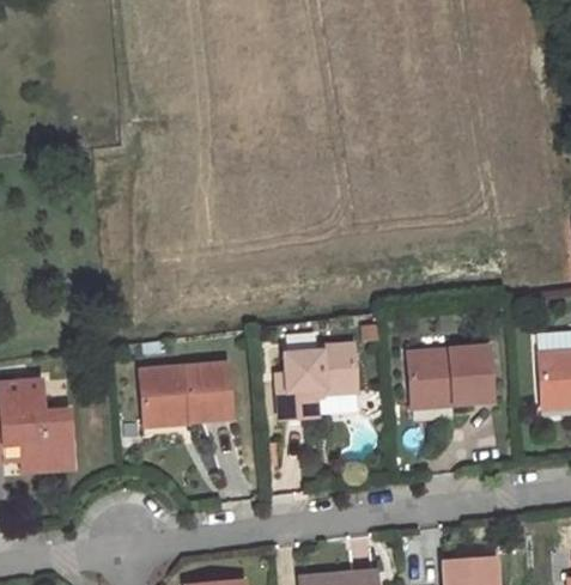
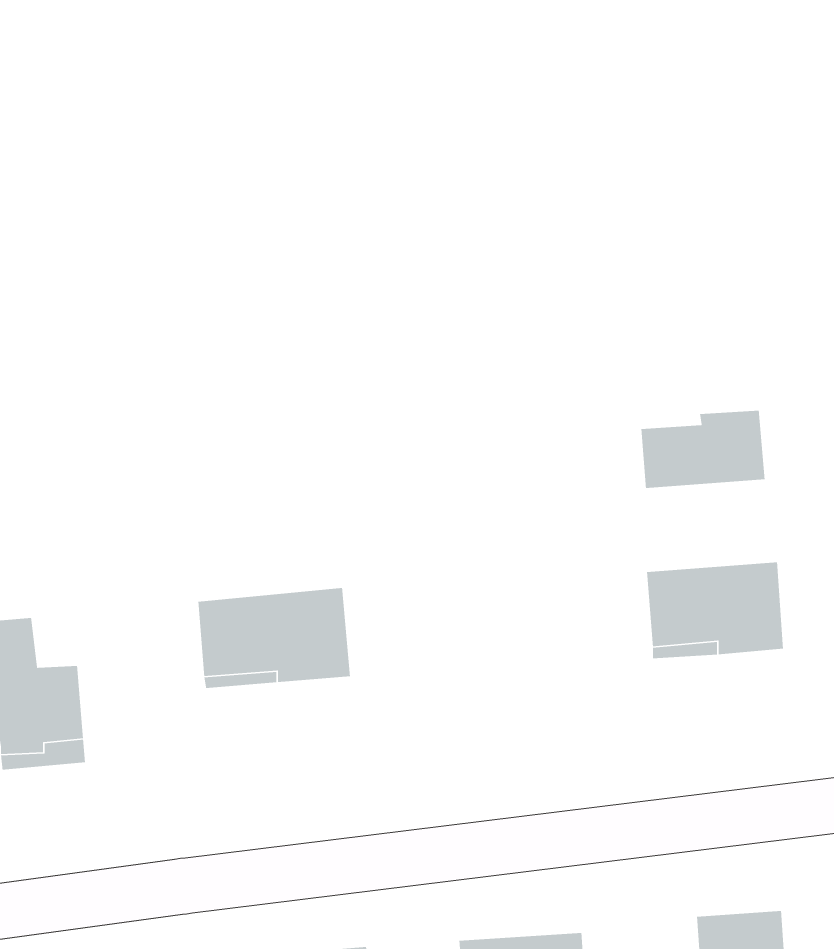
building: none -> [641,410,765,489]
building: [278,346,356,419] -> none

